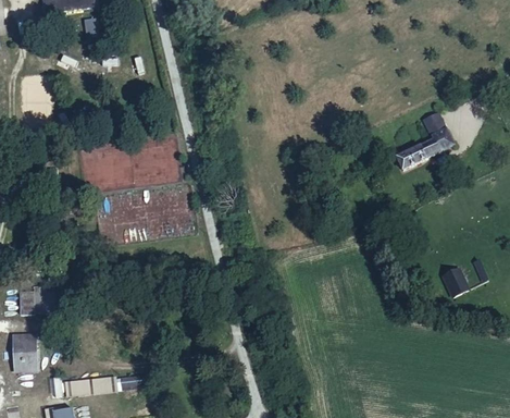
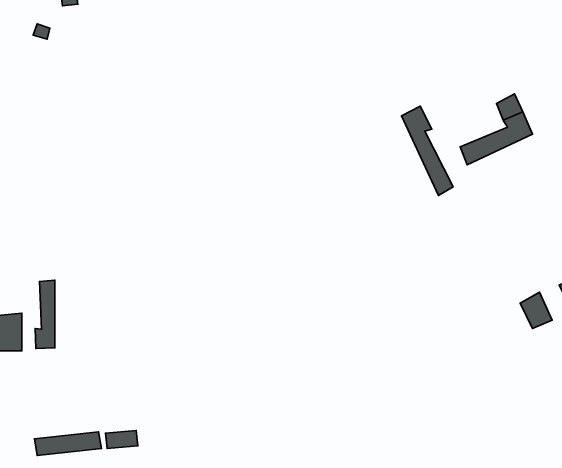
building: none -> [401,106,453,195]
building: none -> [35,280,55,348]

